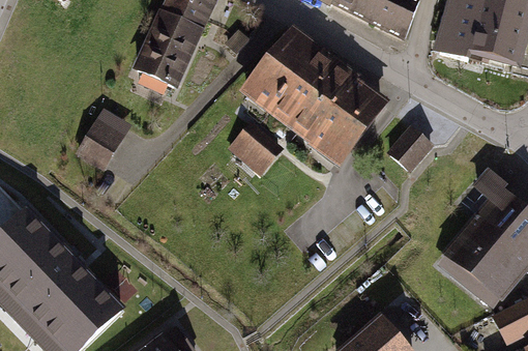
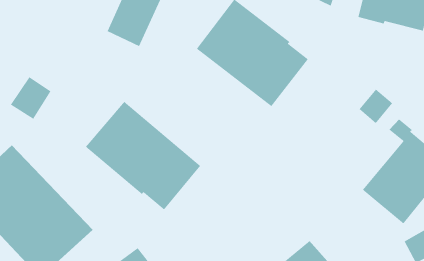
building: [74,119,123,171] -> [10,76,52,120]
building: [227,119,283,175] -> none
building: [389,126,431,169] -> [359,88,393,124]
building: none -> [85,101,201,210]

